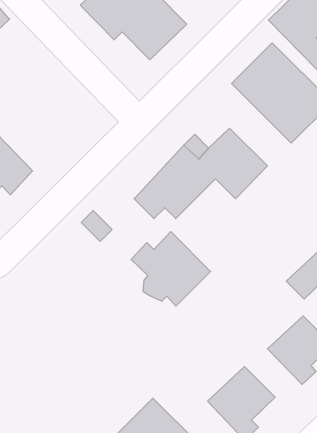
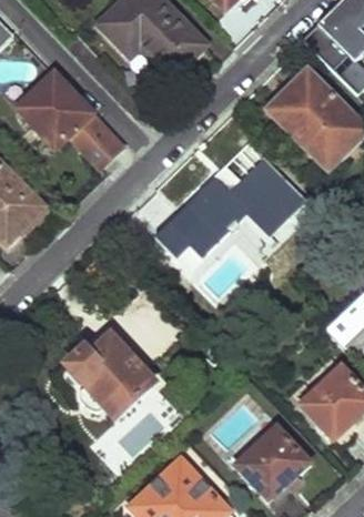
building: none -> [19,73,123,166]
building: [131,232,211,306] -> [64,336,153,419]

